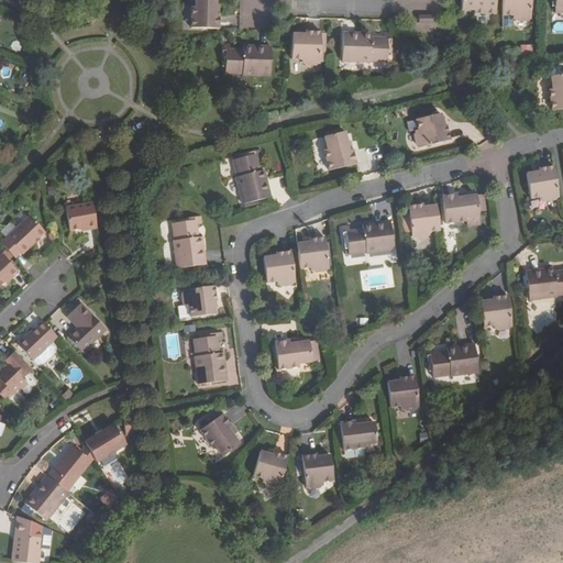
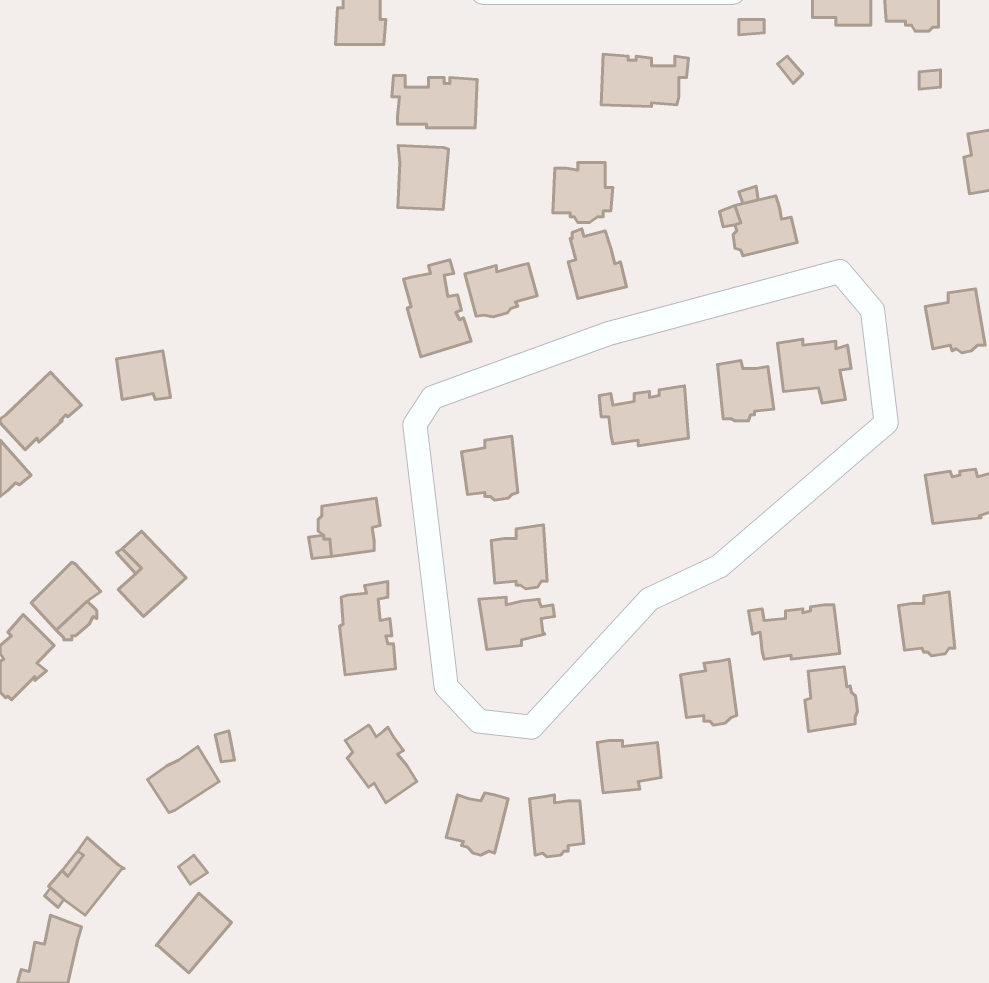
building: [291,31,325,65] -> [553,162,613,223]
building: none -> [398,145,448,210]
building: none -> [465,263,537,317]
building: [172,214,203,266] -> none
building: [297,234,329,271] -> [491,525,547,589]
building: [481,292,512,329] -> [899,592,955,656]
building: none -> [805,667,857,732]
building: [49,445,92,490] -> [156,893,232,973]

